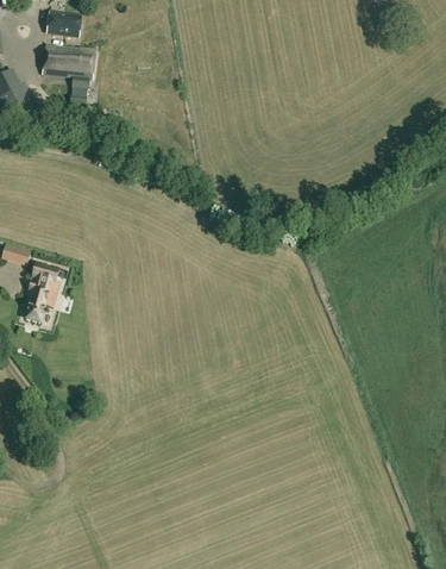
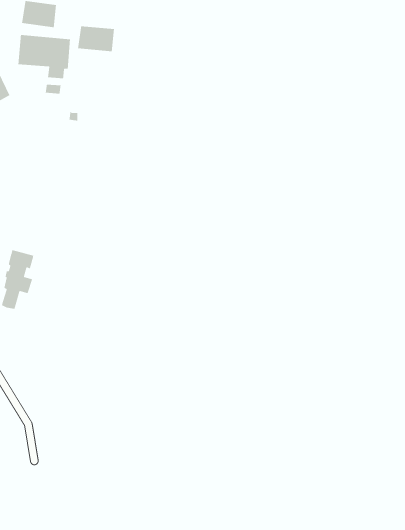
building: none -> [77,25,115,52]

